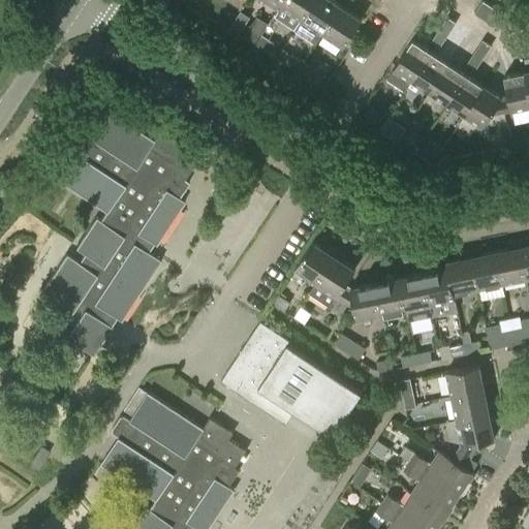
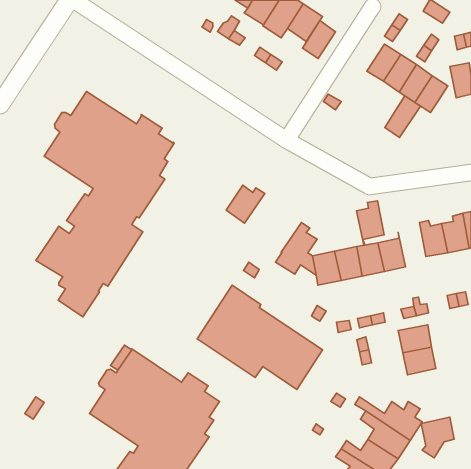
building: [394,40,431,83] -> [302,21,336,58]
building: none -> [385,96,420,137]
building: [294,243,338,285] -> [226,185,265,223]
building: [446,252,477,302] -> [356,201,384,245]
building: [457,415,494,461] -> [421,417,454,458]

